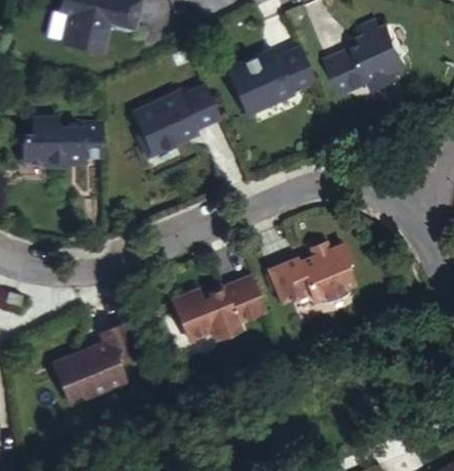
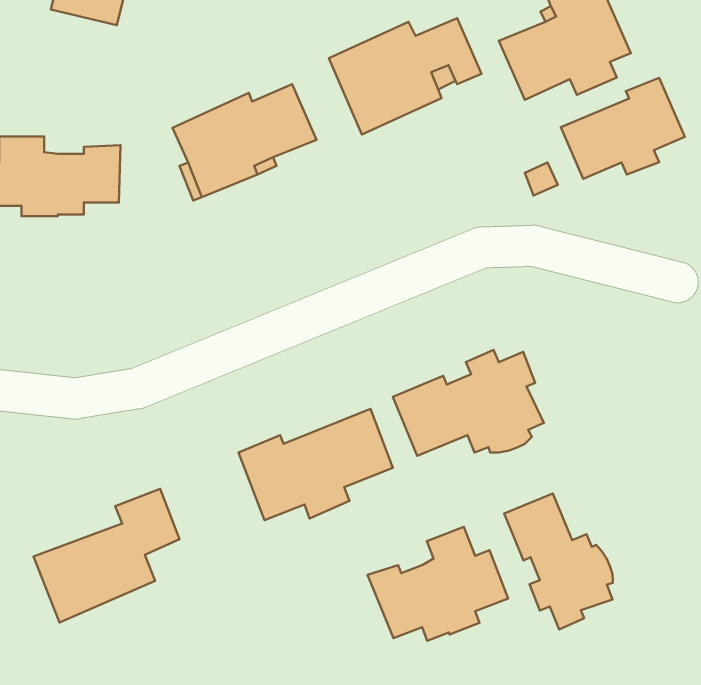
building: none -> [561,78,685,179]
building: none -> [504,493,613,629]
building: none -> [367,527,508,641]

